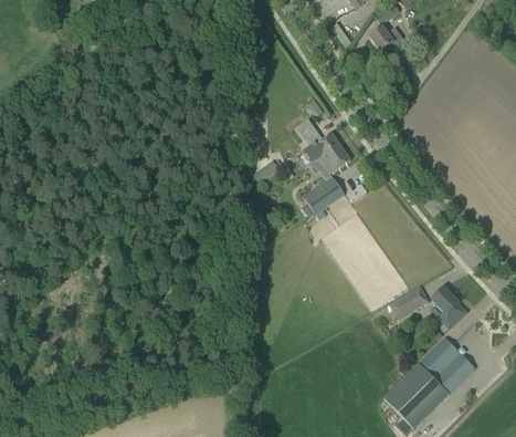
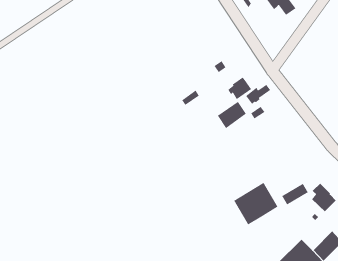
building: [303,134,338,163] -> [245,84,271,105]
building: none -> [233,182,278,225]
building: [418,337,460,379] -> none

